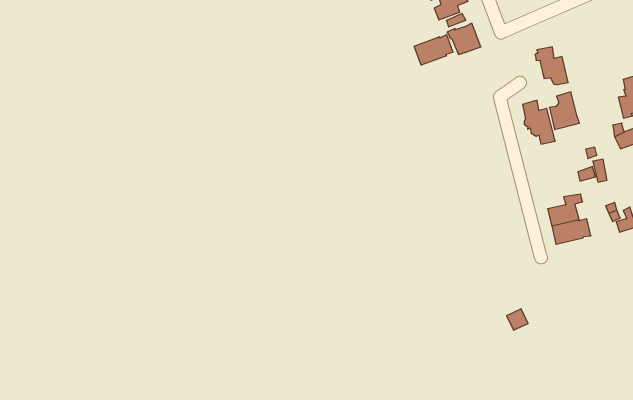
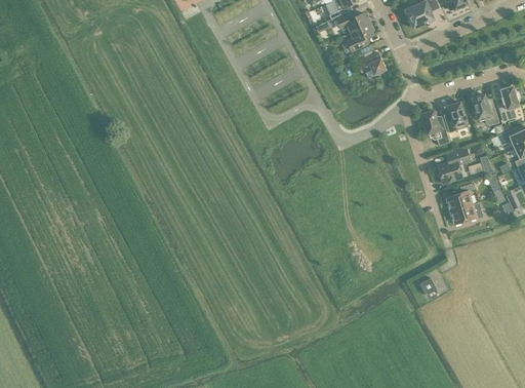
building: [414,34,453,65] -> none
building: [535,47,568,85] -> [471,94,498,124]
building: none -> [437,148,470,183]

